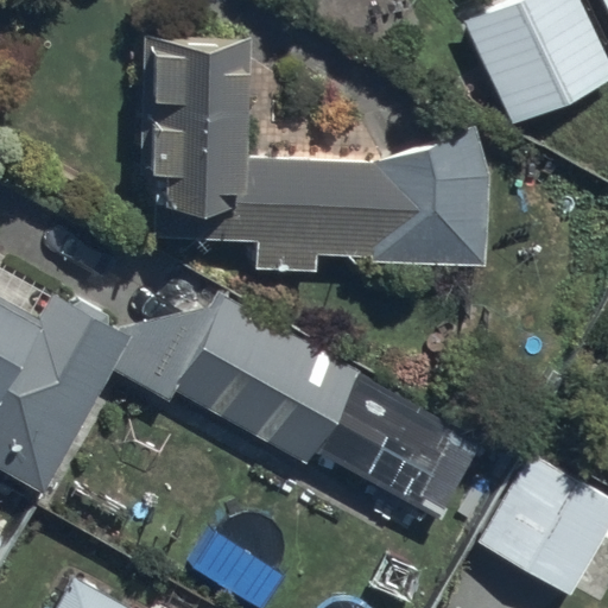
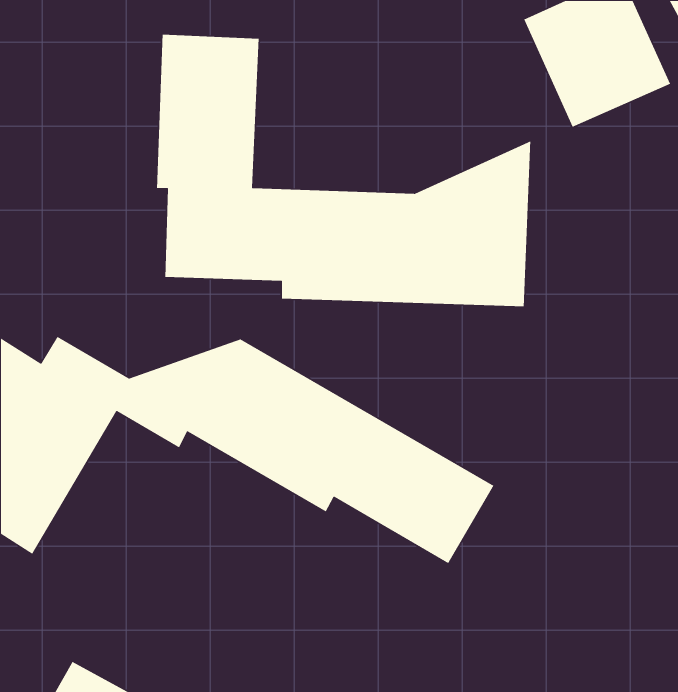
building: [484,467,602,585] -> none

